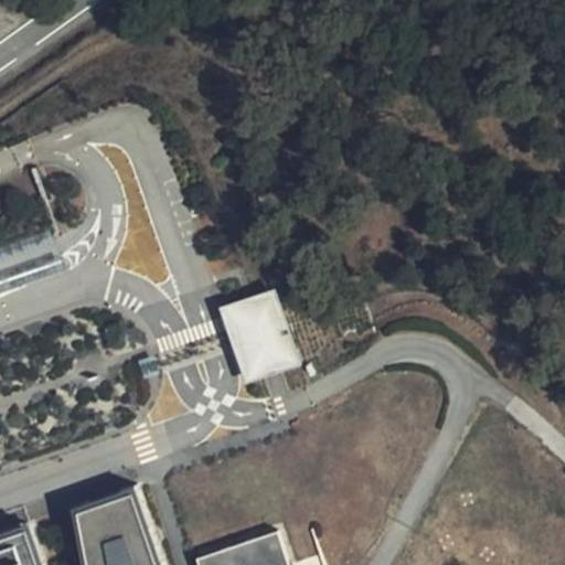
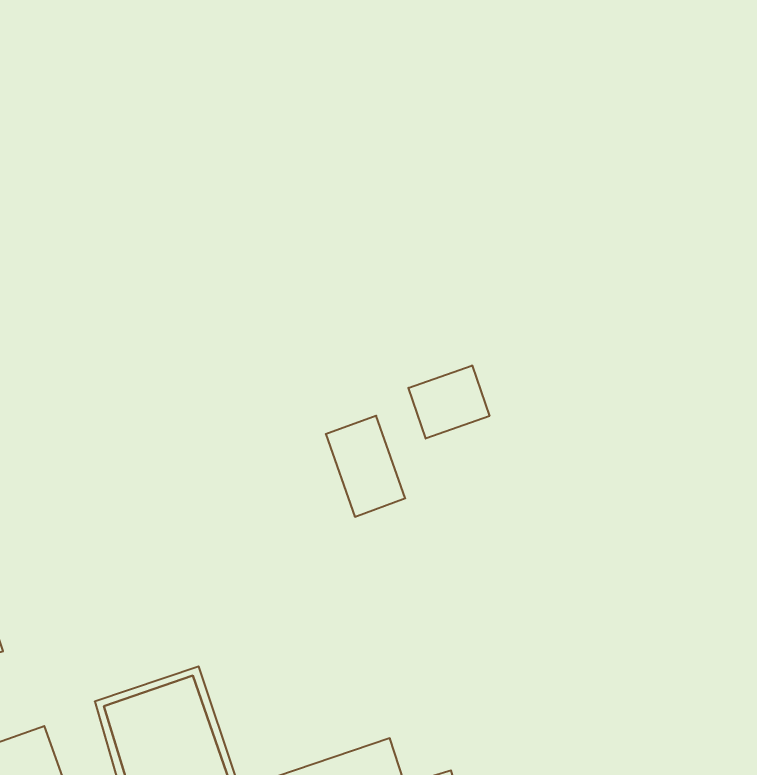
building: none -> [408,365,489,439]

